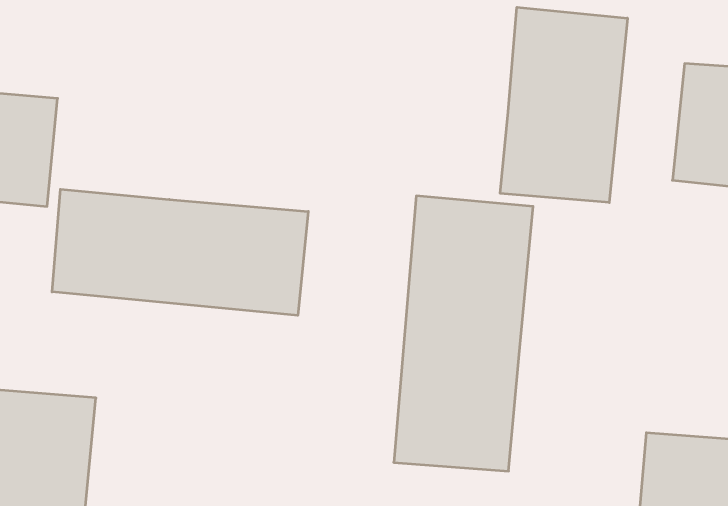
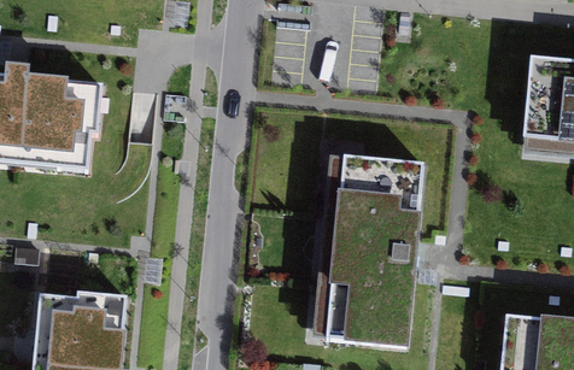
building: [500,7,627,203] -> none
building: [52,189,308,315] -> none

